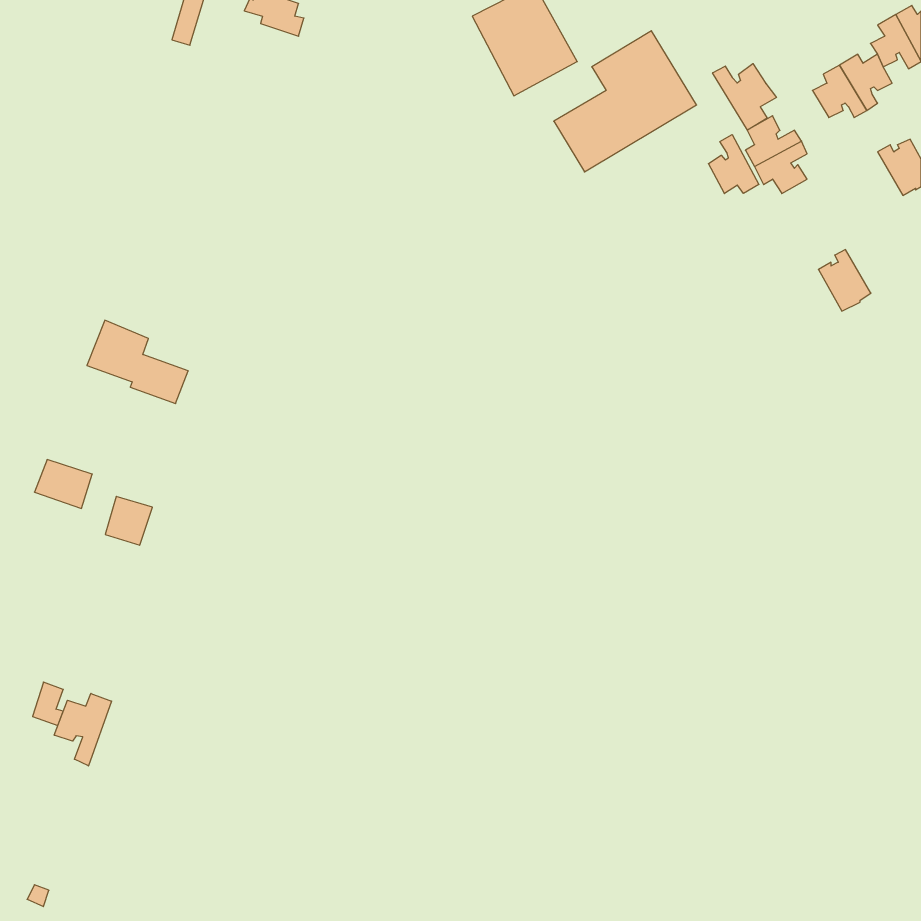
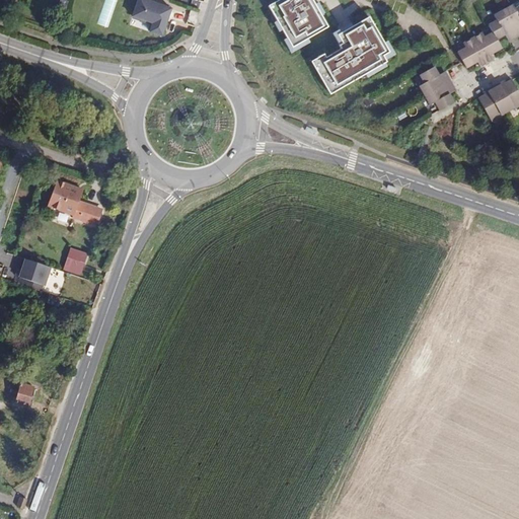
building: [713,64,776,130] -> none
building: [708,135,759,194] -> none
building: [818,250,871,311] -> [476,85,506,120]
building: [105,496,152,545] -> [63,245,89,273]
building: [54,693,112,766] -> none

